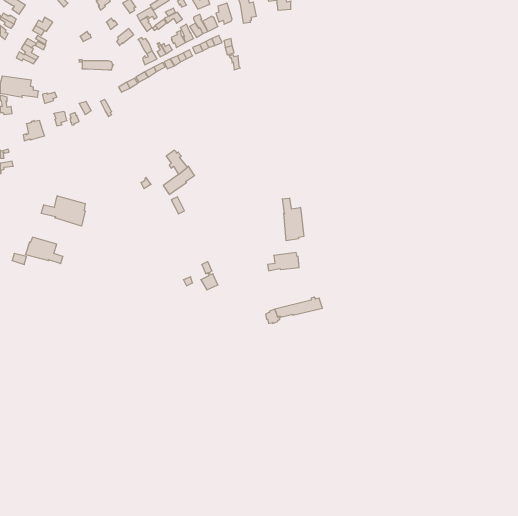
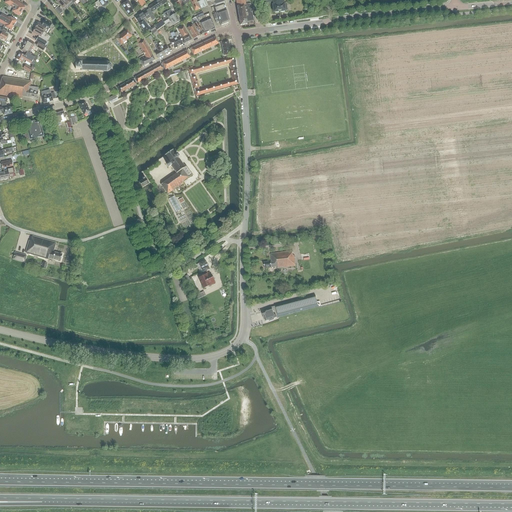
building: [41,196,85,226] -> none
building: [282,198,304,241] -> none

